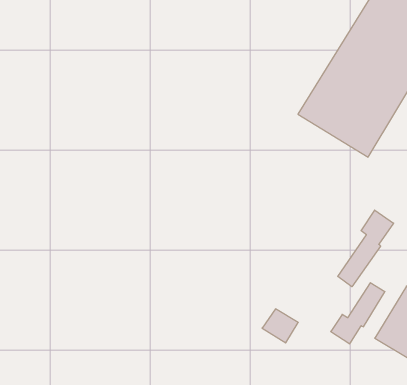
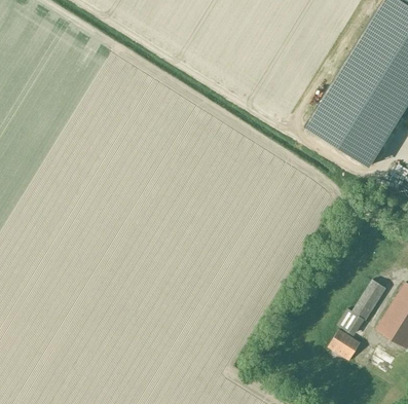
building: [338,210,394,287] -> none
building: [262,309,298,343] -> [327,330,360,361]

